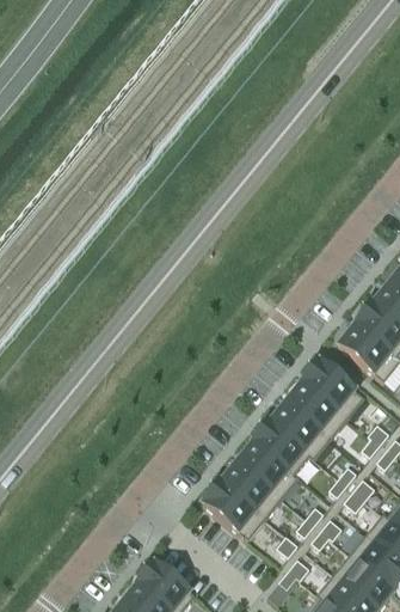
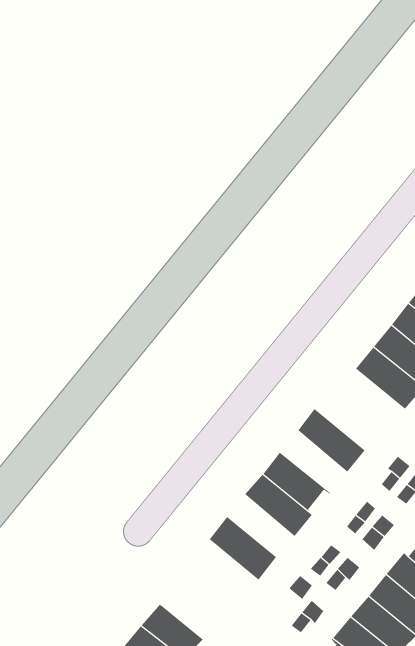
building: [299,360,364,420] -> none
building: [266,400,330,459] -> none
building: [217,460,281,519] -> none

